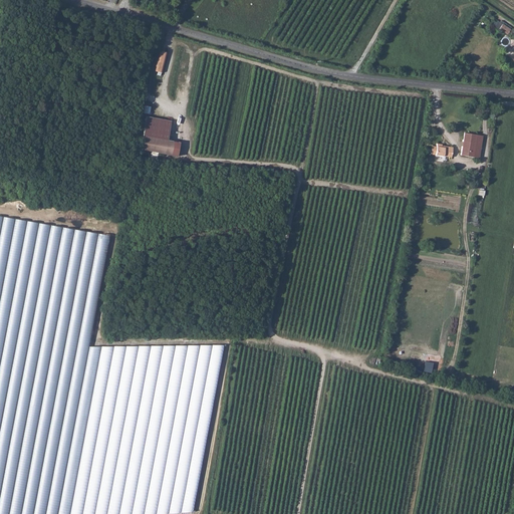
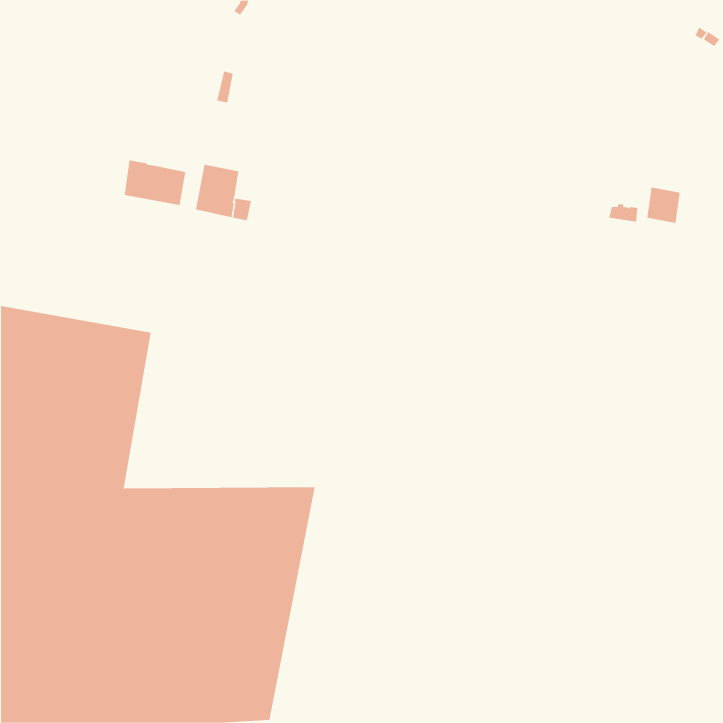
building: none -> [124,159,186,206]

